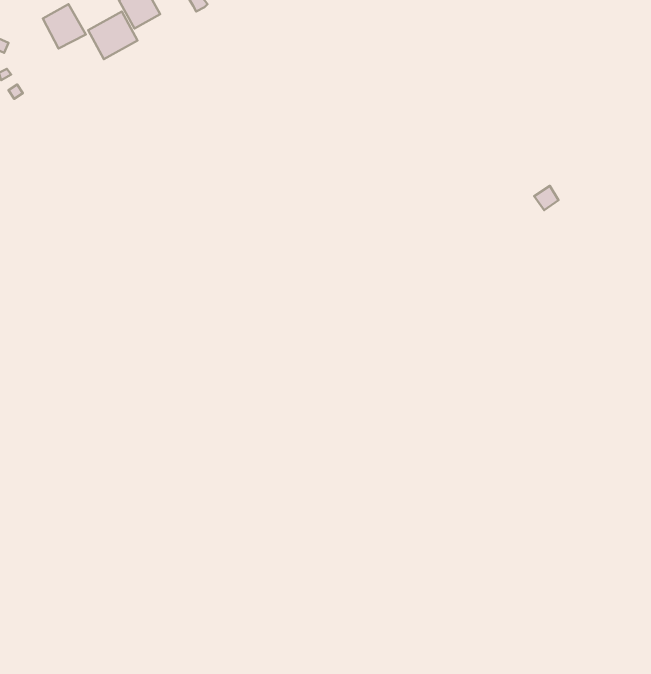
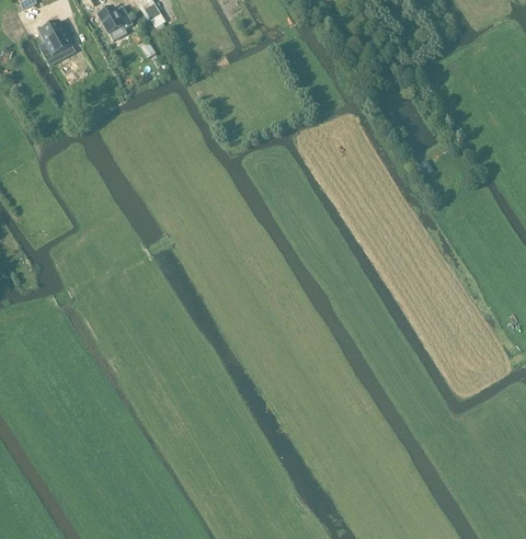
building: [88,12,138,59] -> none

